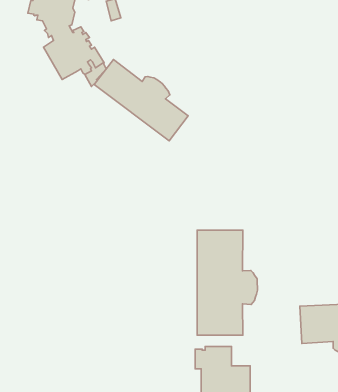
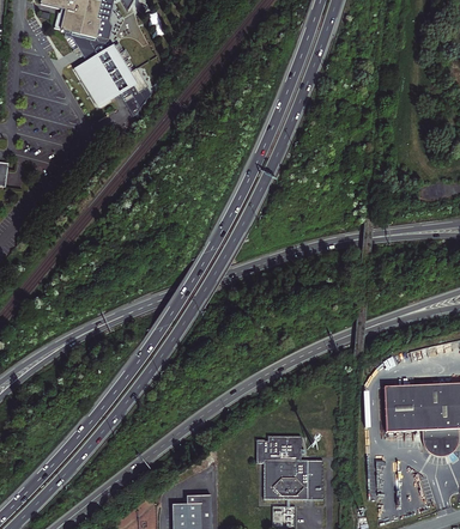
building: [94,60,188,141] -> none
building: [197,230,258,335] -> none

